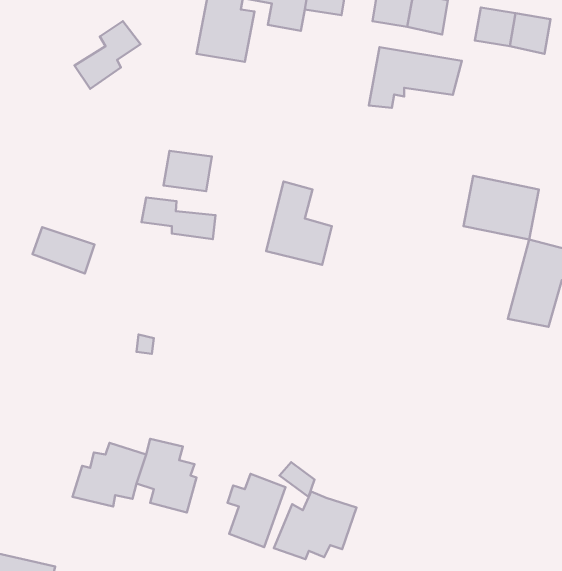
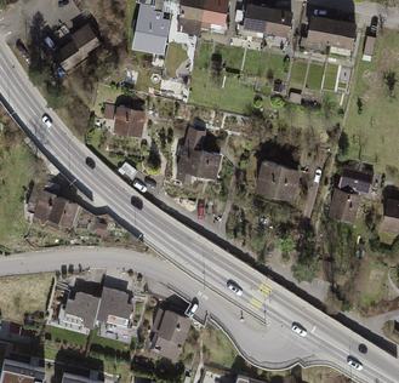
building: [369,47,462,108] -> none
building: [463,176,539,240] -> [253,161,301,201]
building: [141,198,216,239] -> none
building: [32,227,94,274] -> [38,195,76,224]
building: [274,491,356,559] -> none

